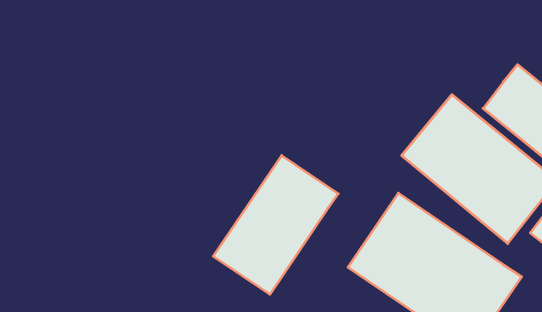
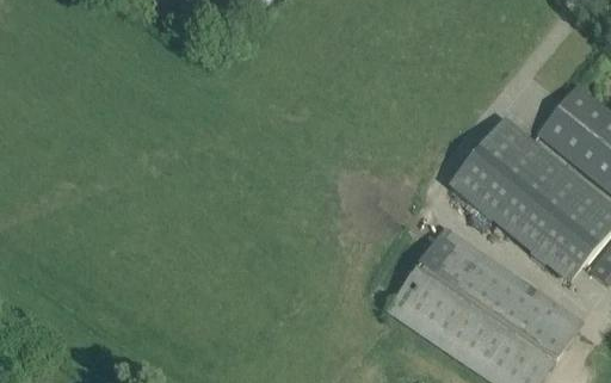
building: [213,155,338,294] -> none

